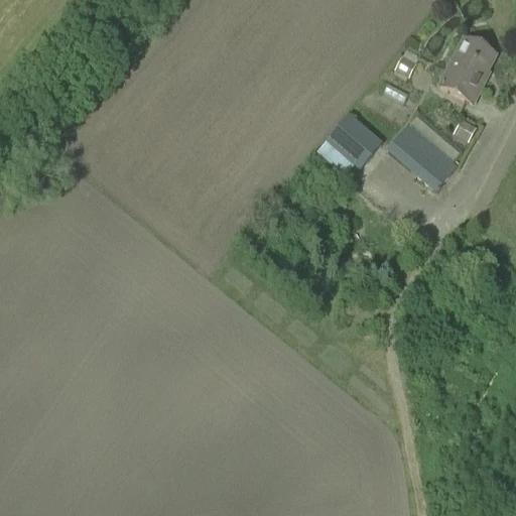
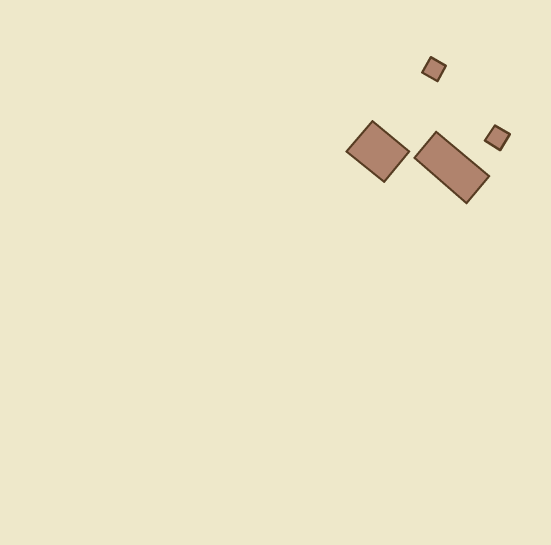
building: [441,36,495,102] -> none

